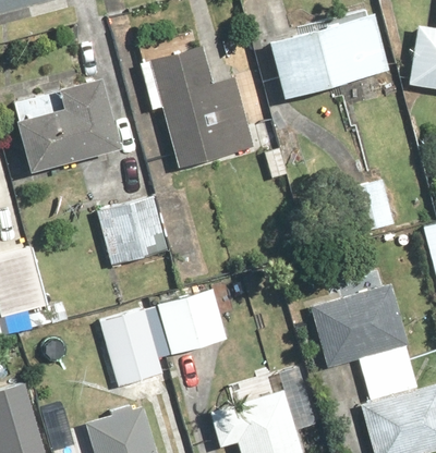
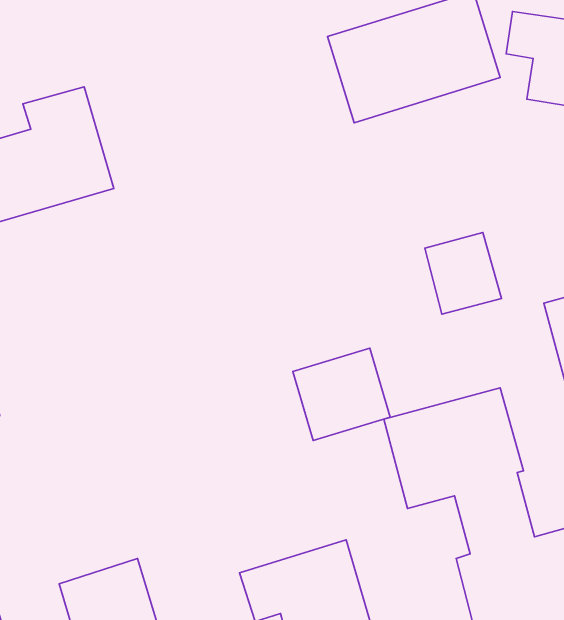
building: [152,46,254,169] -> none
building: [96,194,166,264] -> none
building: [157,289,225,353] -> [293,348,390,441]
building: [98,307,160,384] -> none

